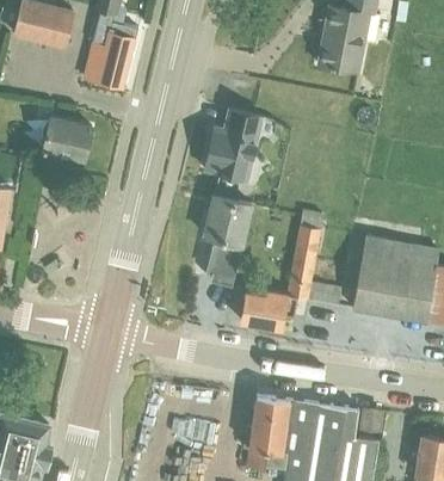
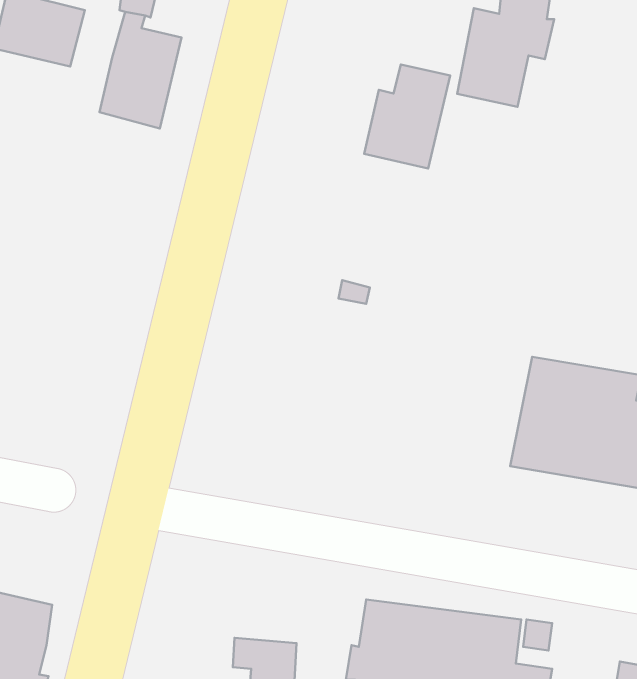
building: [204,112,260,180] -> [364,64,450,168]
building: [41,118,91,160] -> none
building: [202,199,247,288] -> none
building: [241,212,341,329] -> none

